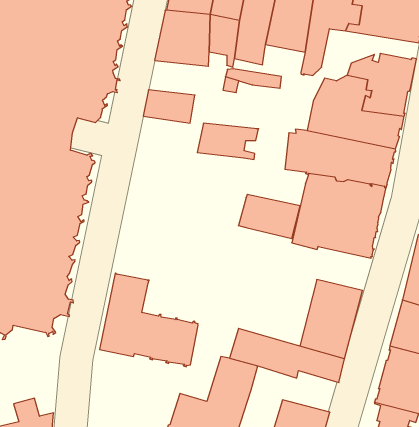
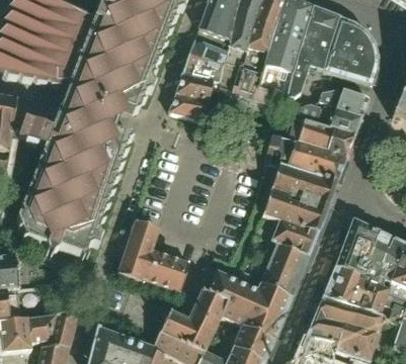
building: [197,123,259,159] -> [176,72,222,102]
building: [238,194,300,239] -> [272,218,318,254]
building: none -> [221,297,283,337]

